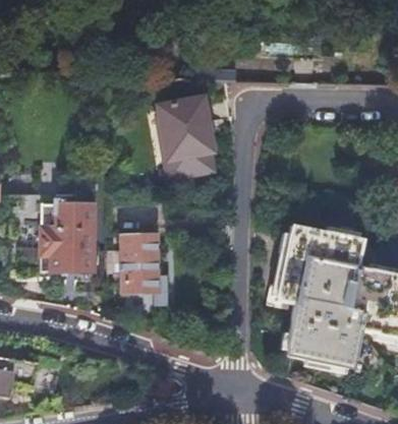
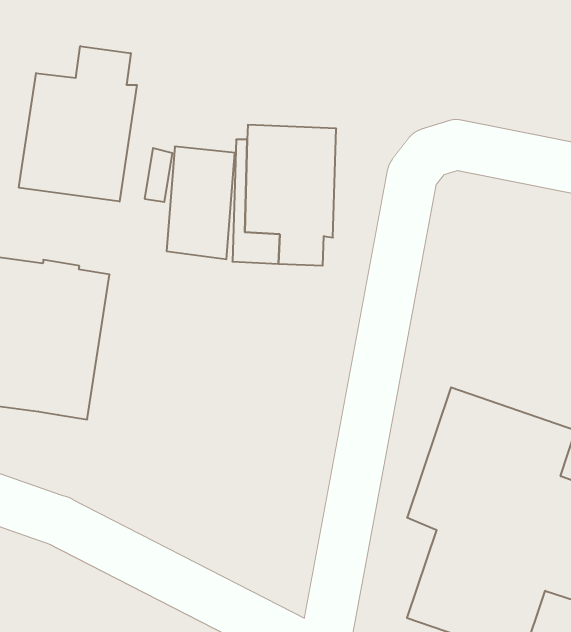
building: none -> [19,46,137,202]
building: [121,232,160,292] -> [167,147,235,259]

